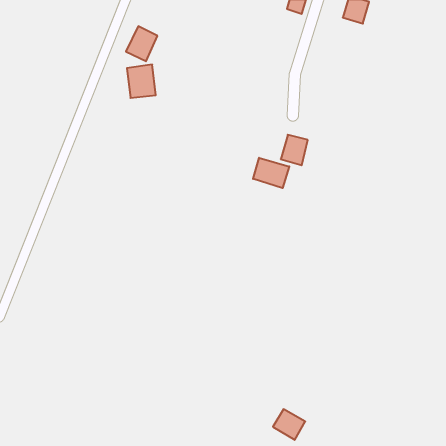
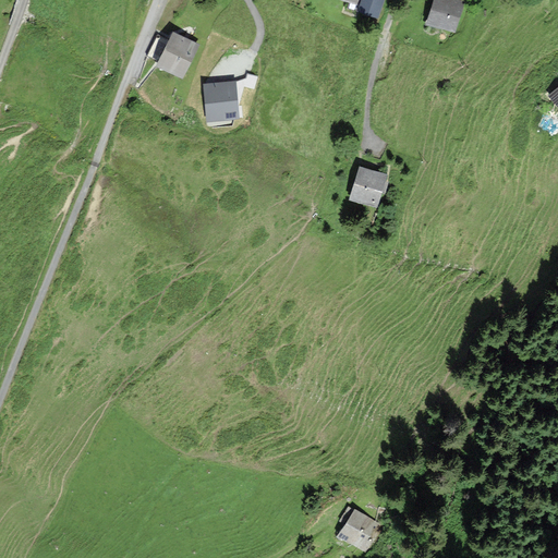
building: [127,65,156,98] -> [203,80,239,121]
building: [253,158,289,188] -> none

